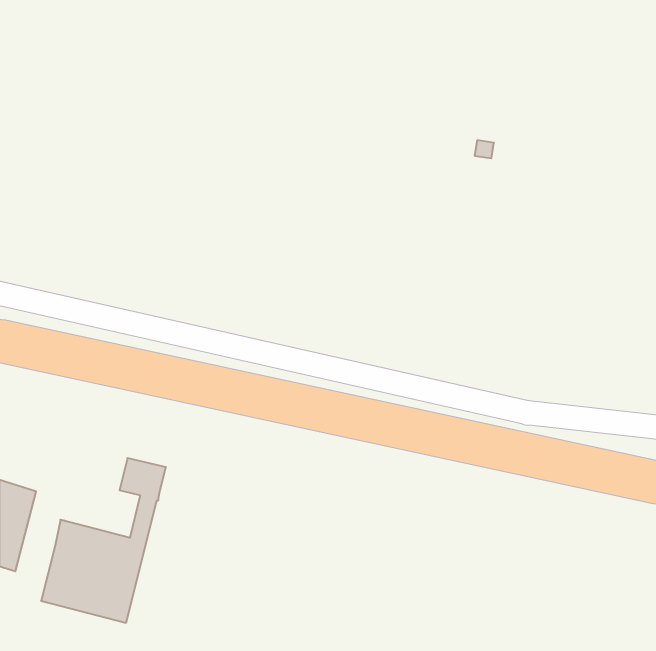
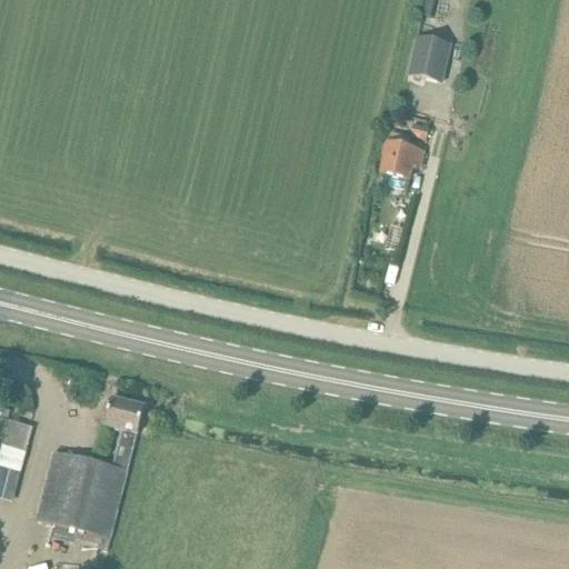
building: none -> [407,36,450,80]
building: none -> [380,129,422,178]

